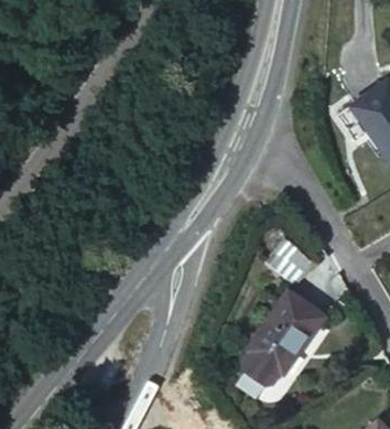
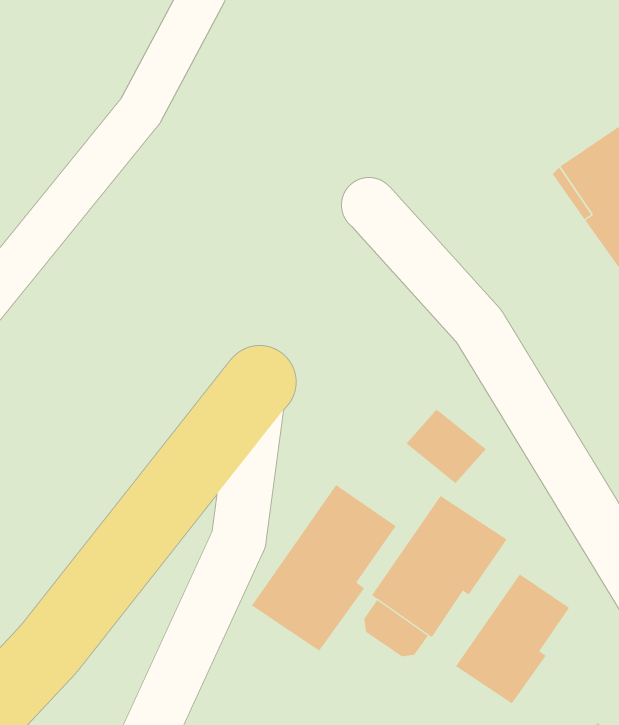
building: none -> [251,484,396,651]
building: none -> [455,573,570,704]

